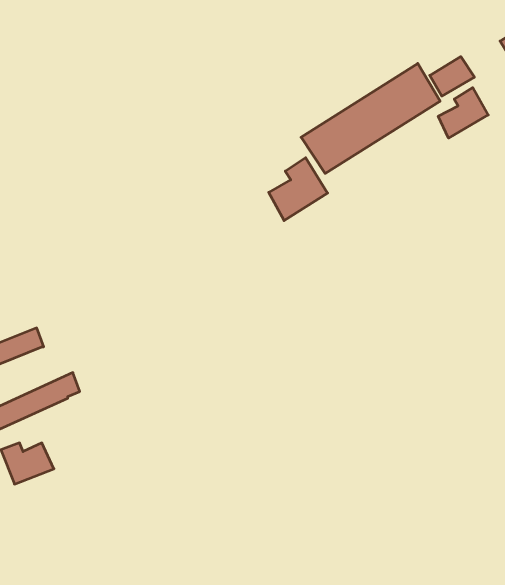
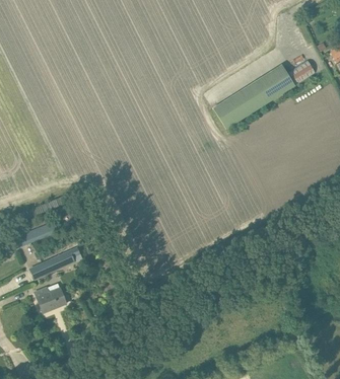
building: [438,88,488,138] -> none
building: [269,158,328,221] -> none

